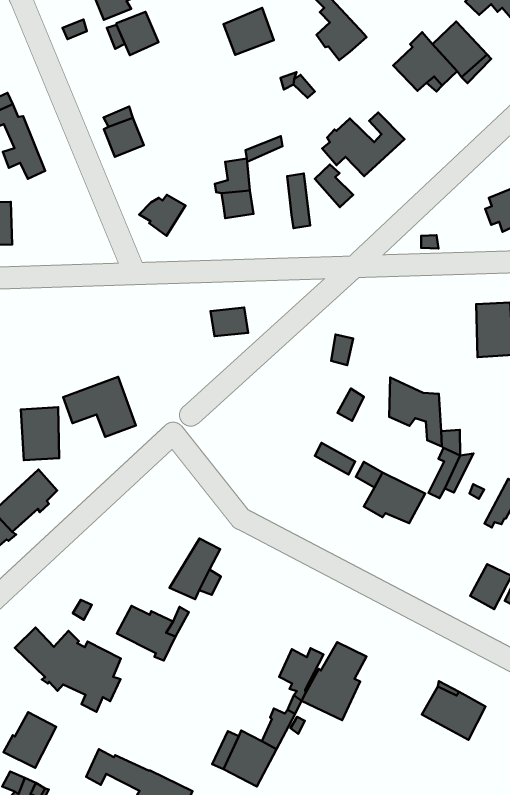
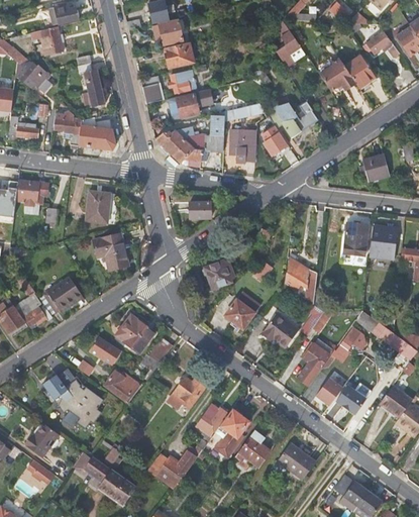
building: [224,8,274,55] -> [165,41,193,67]
building: none -> [169,70,196,92]
building: none -> [168,94,199,119]
building: none -> [229,129,245,164]
building: none -> [78,118,115,150]
building: none -> [170,135,206,164]
building: none -> [205,262,234,289]
building: [21,407,59,460] -> [86,191,111,223]
building: none -> [224,298,255,329]
building: none -> [297,338,331,386]
building: none -> [116,314,153,351]
building: none -> [90,336,121,365]
building: none -> [170,376,204,404]
building: none -> [235,430,269,468]

